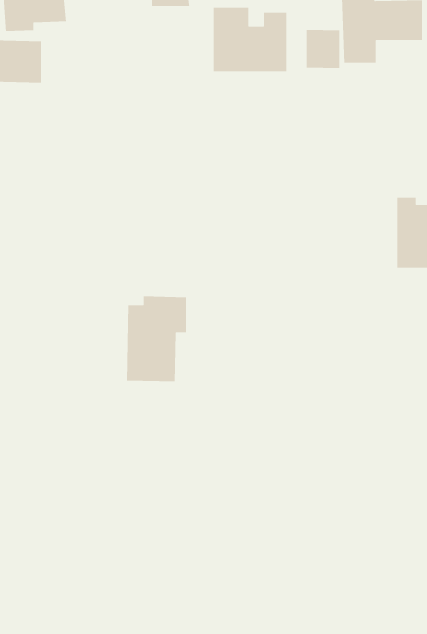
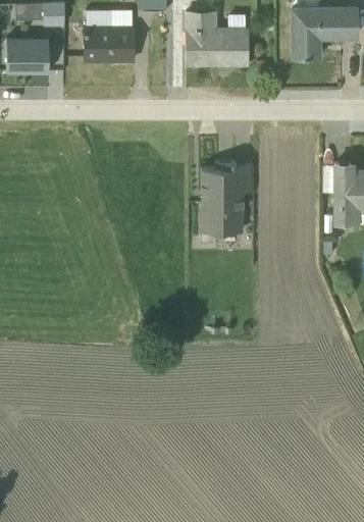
building: none -> [84,11,132,61]
building: [306,29,340,69] -> none
building: [126,296,187,382] -> [200,162,249,232]

